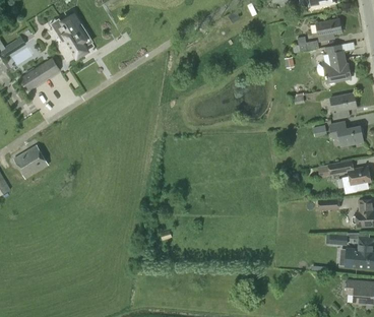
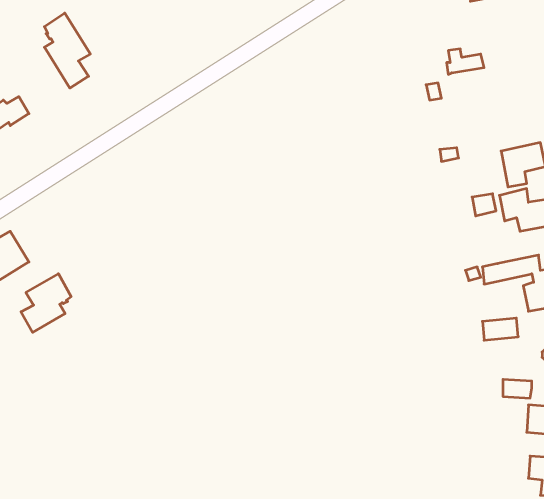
building: [315,18,341,41] -> none
building: [323,45,350,82] -> none
building: none -> [21,274,71,332]

